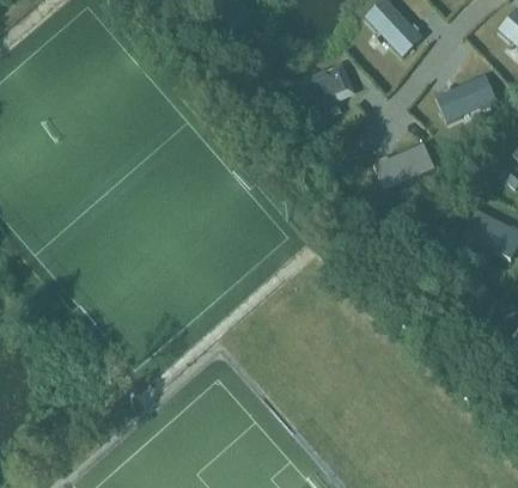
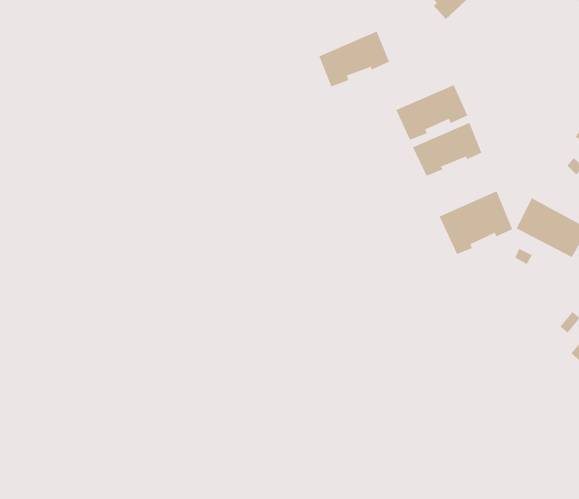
building: [434,74,496,122] -> [395,85,468,141]
building: none -> [439,191,513,255]

